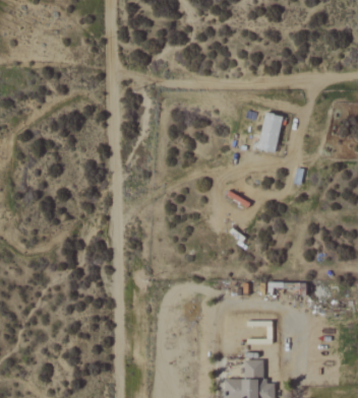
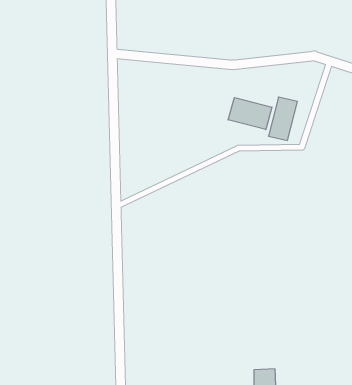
building: none -> [228,98,272,130]

